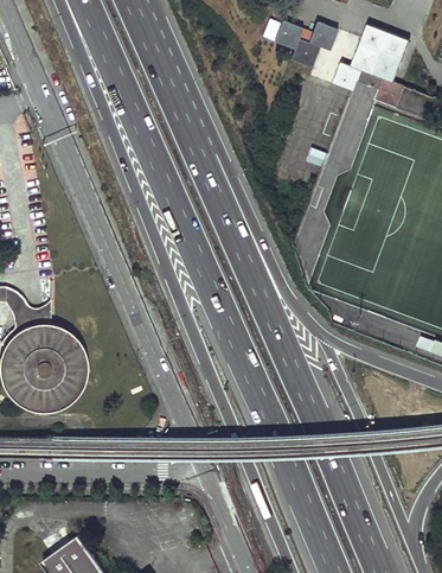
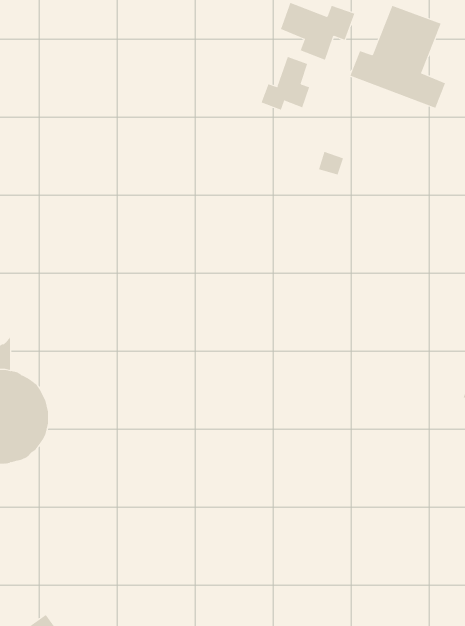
building: none -> [261,56,310,110]

